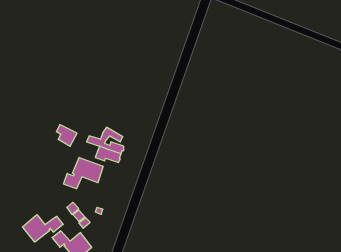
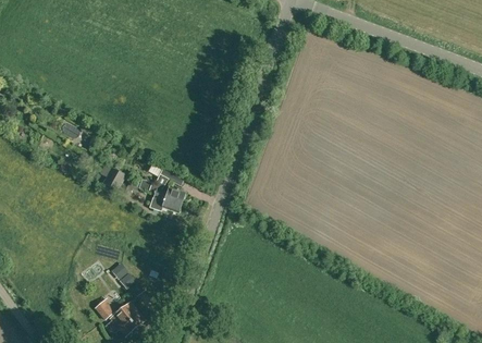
building: [63,157,103,189] -> none
building: [23,215,63,242] -> none

